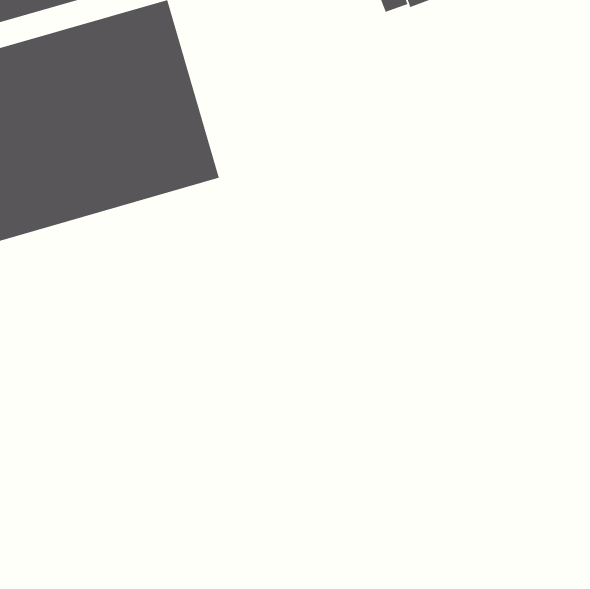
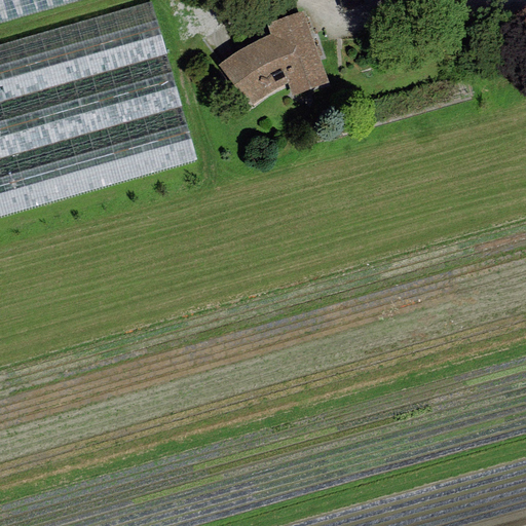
building: none -> [218,11,328,105]

